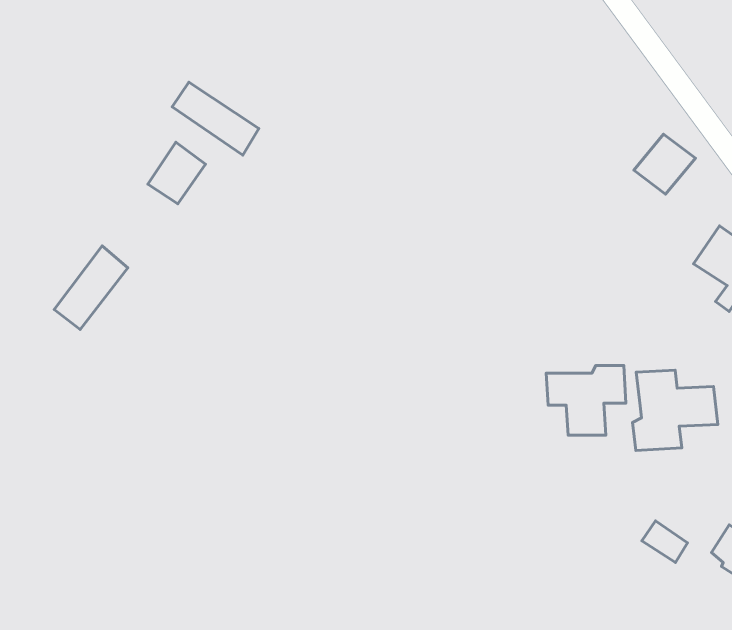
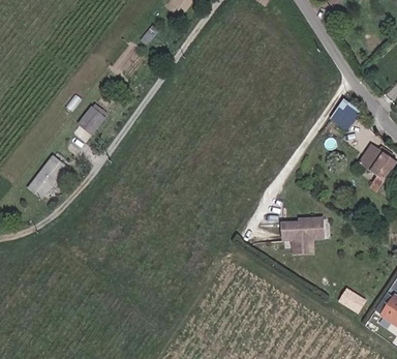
building: [172,82,259,155] -> none
building: [632,370,718,450] -> none

